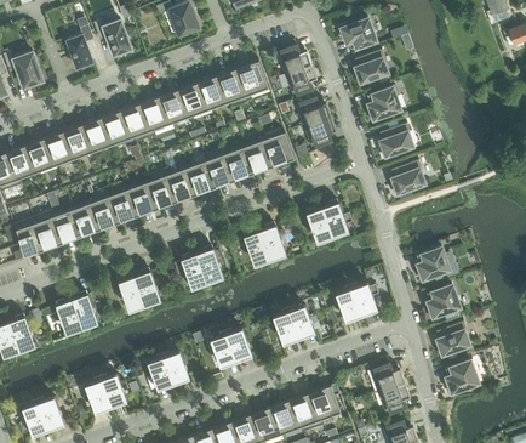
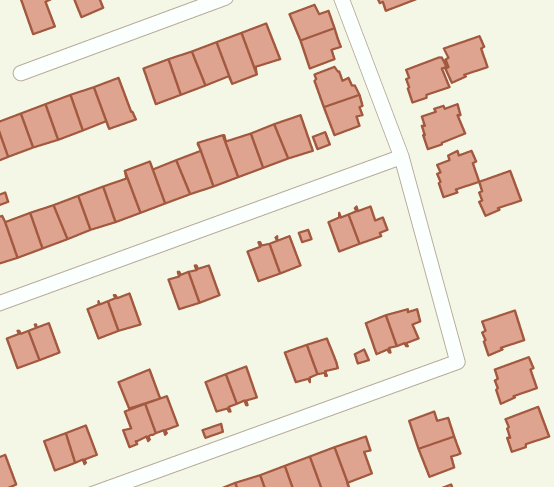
building: [354,50,388,86] -> [444,36,487,83]
building: [143,96,172,130] -> none
building: [417,248,450,283] -> [479,171,521,216]
building: none -> [118,370,160,408]

